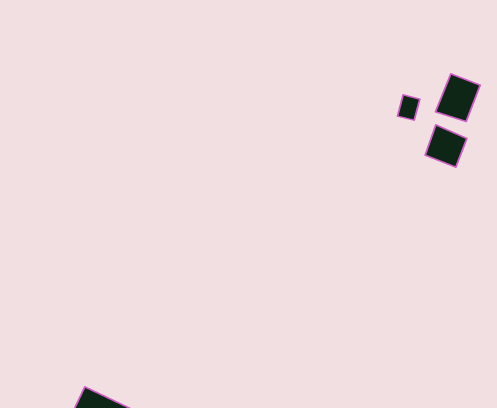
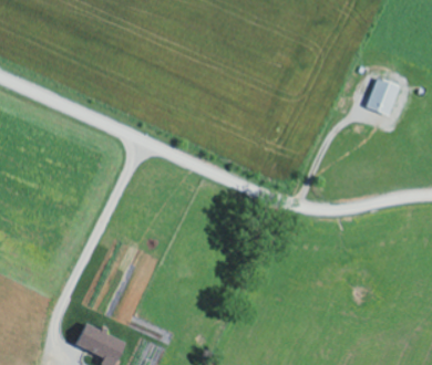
building: [425,125,467,167] -> none

